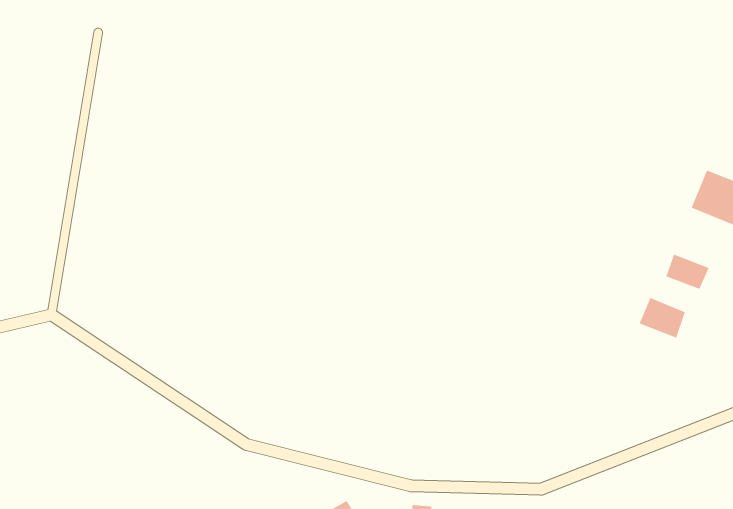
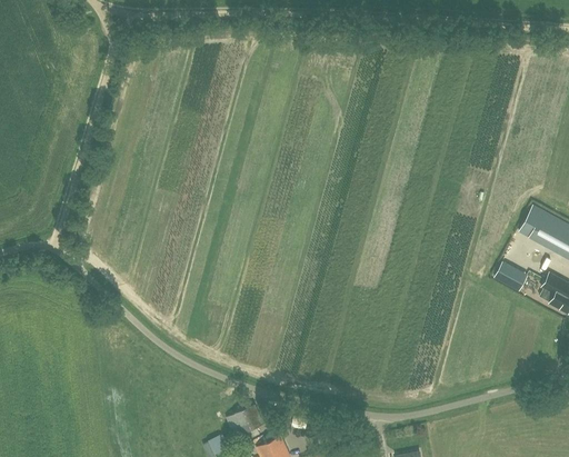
building: [639,297,685,339] -> none

